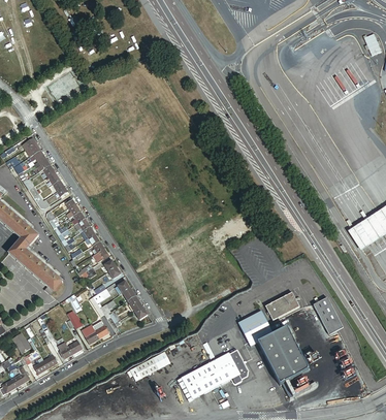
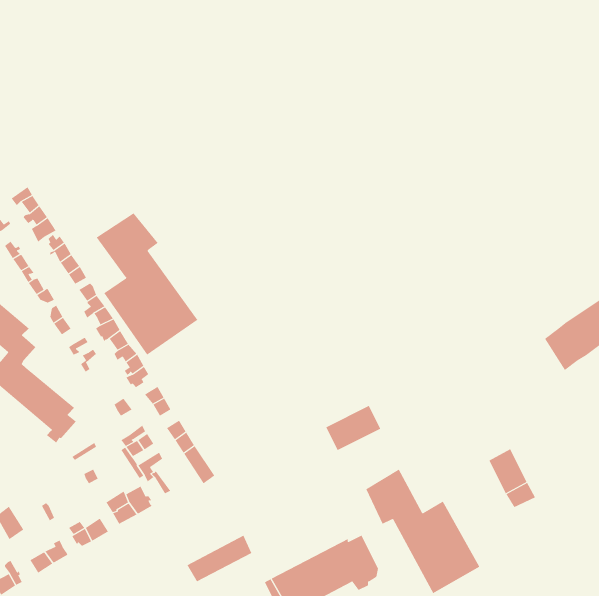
building: none -> [96,212,198,355]
building: [265,292,299,320] -> [325,405,381,451]

